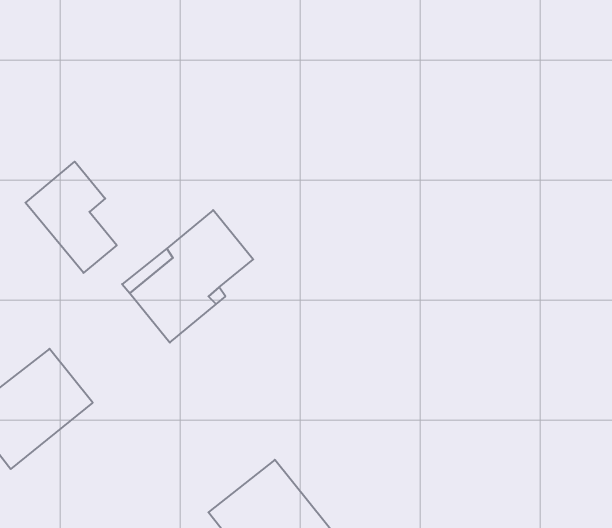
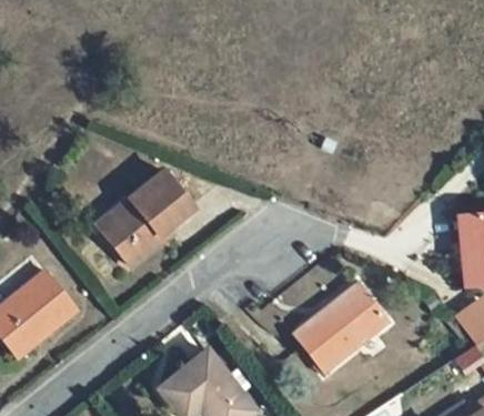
building: [25,162,117,273] -> none
building: none -> [293,283,387,372]

